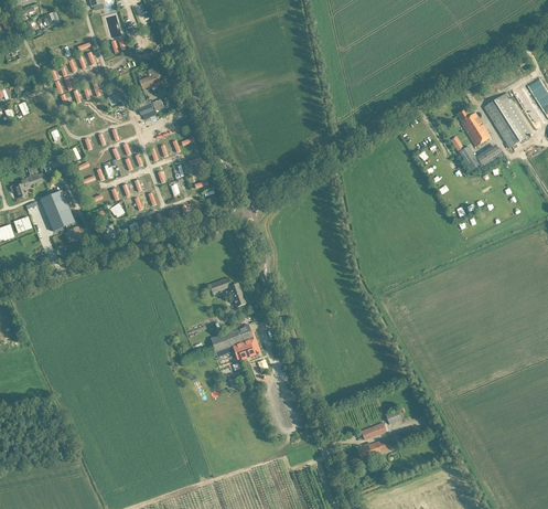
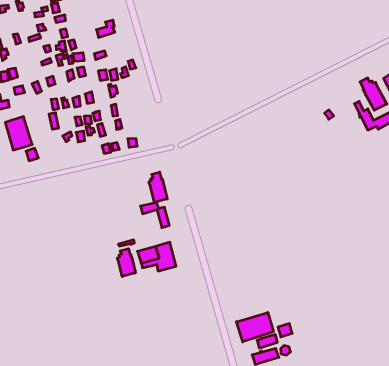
building: none -> [149,172,167,203]
building: none -> [117,249,135,277]
building: none -> [236,312,273,342]

